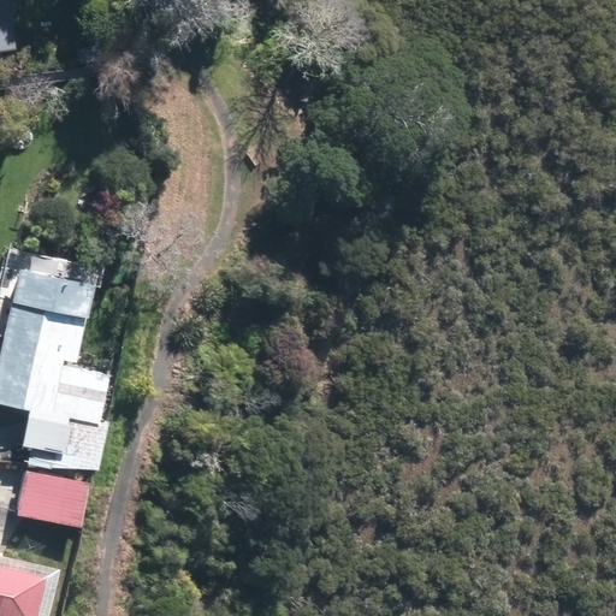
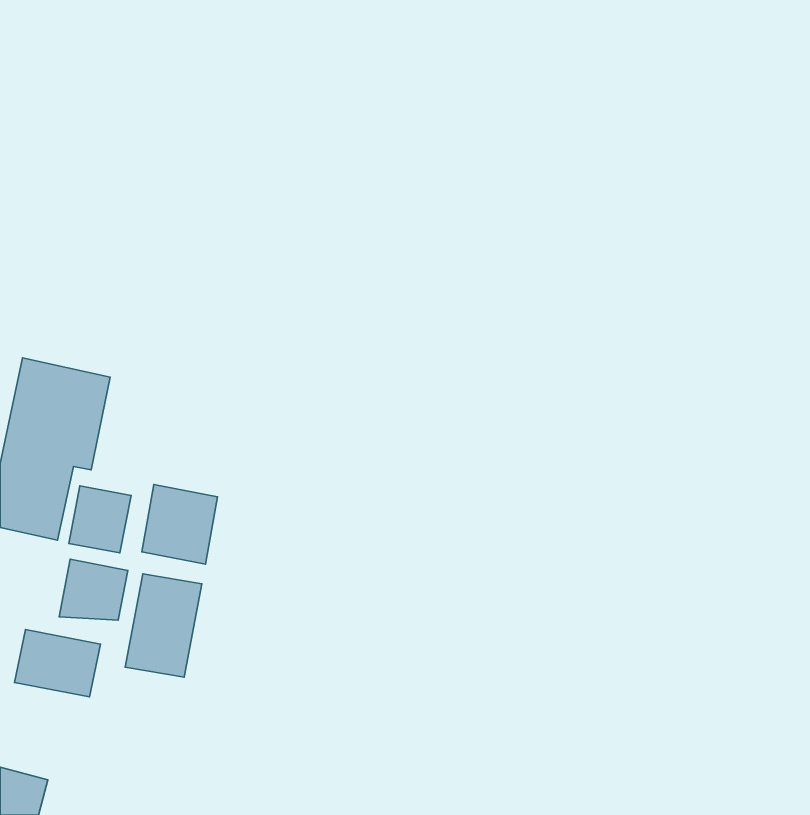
building: none -> [142,484,218,564]
building: none -> [125,574,202,677]

